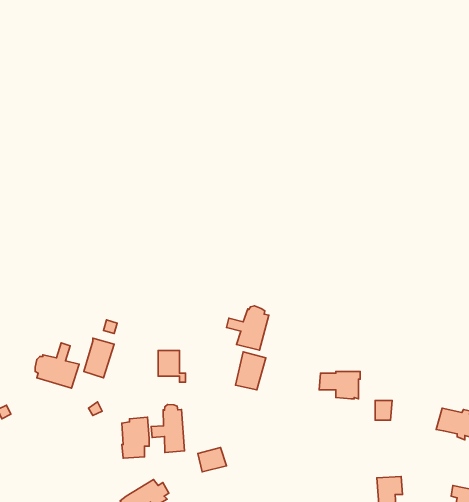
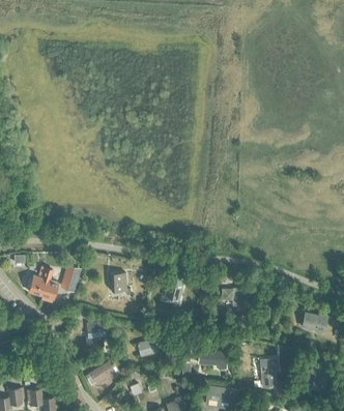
building: [227,306,269,350] -> none
building: [151,404,185,453] -> none
building: none -> [198,349,227,369]

